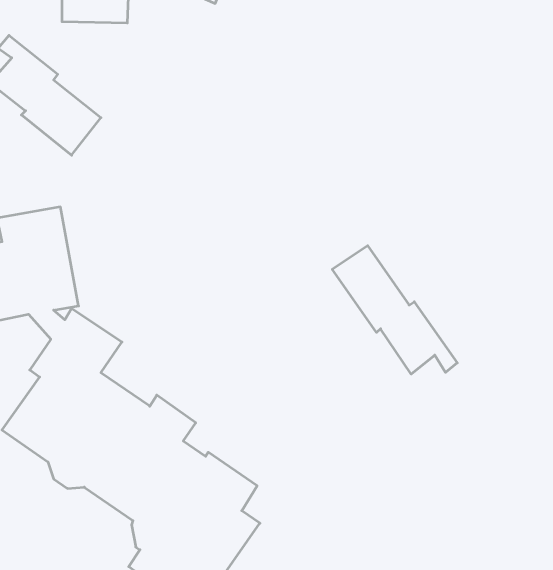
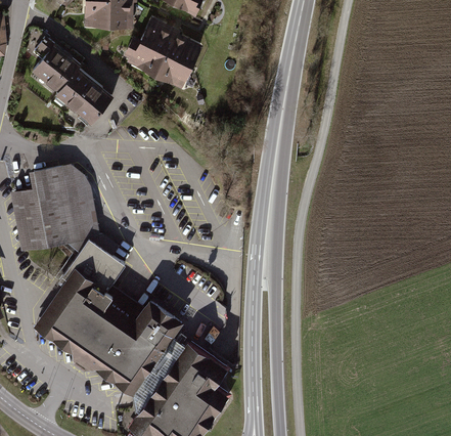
building: none -> [127,17,199,87]
building: [332,246,457,374] -> none

